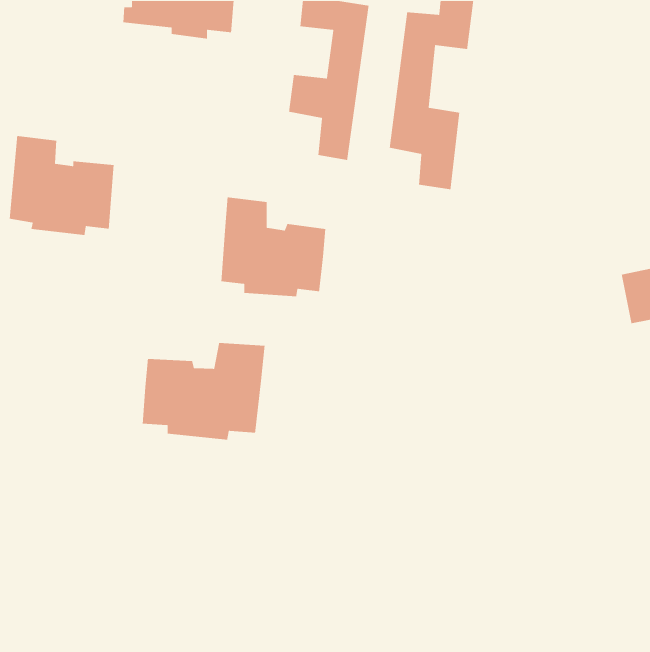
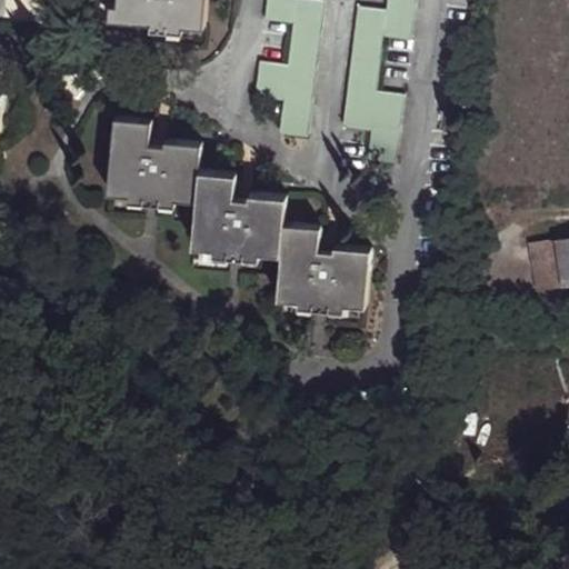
building: [9,135,115,236] -> [109,119,201,207]
building: none -> [277,223,371,312]
building: [142,342,266,441] -> none

